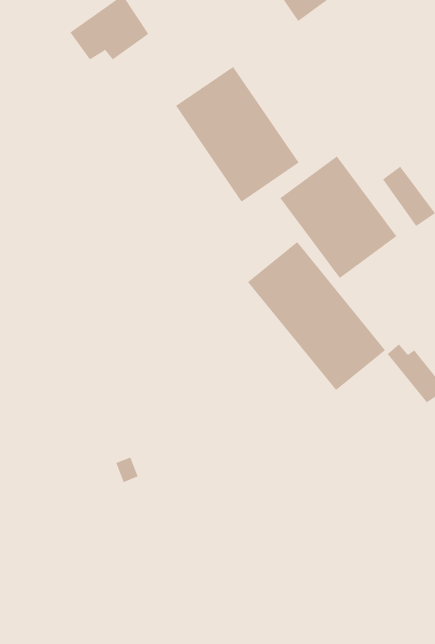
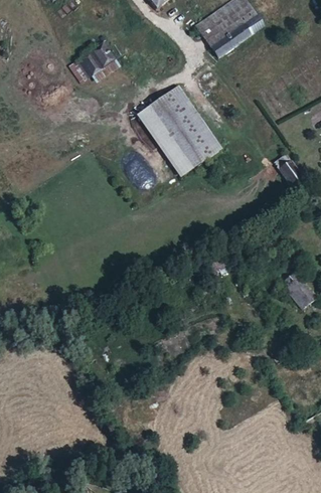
building: [280,155,397,279] -> none
building: [247,241,386,391] -> none

